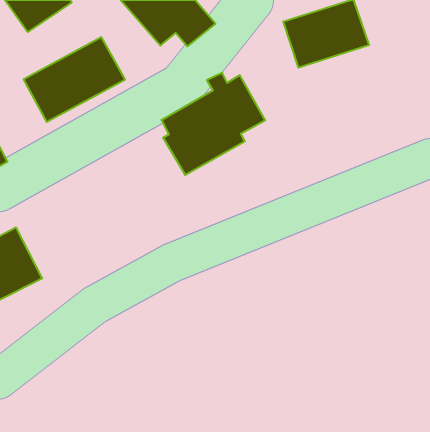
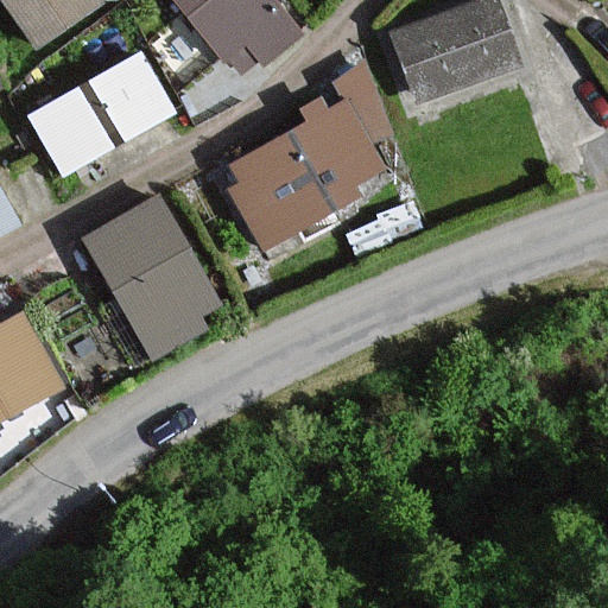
building: none -> [88,200,223,354]

